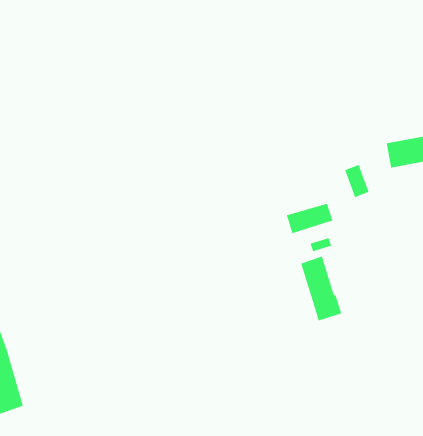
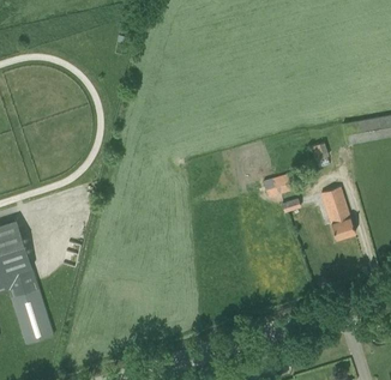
building: [300,256,342,321] -> [321,186,355,239]

